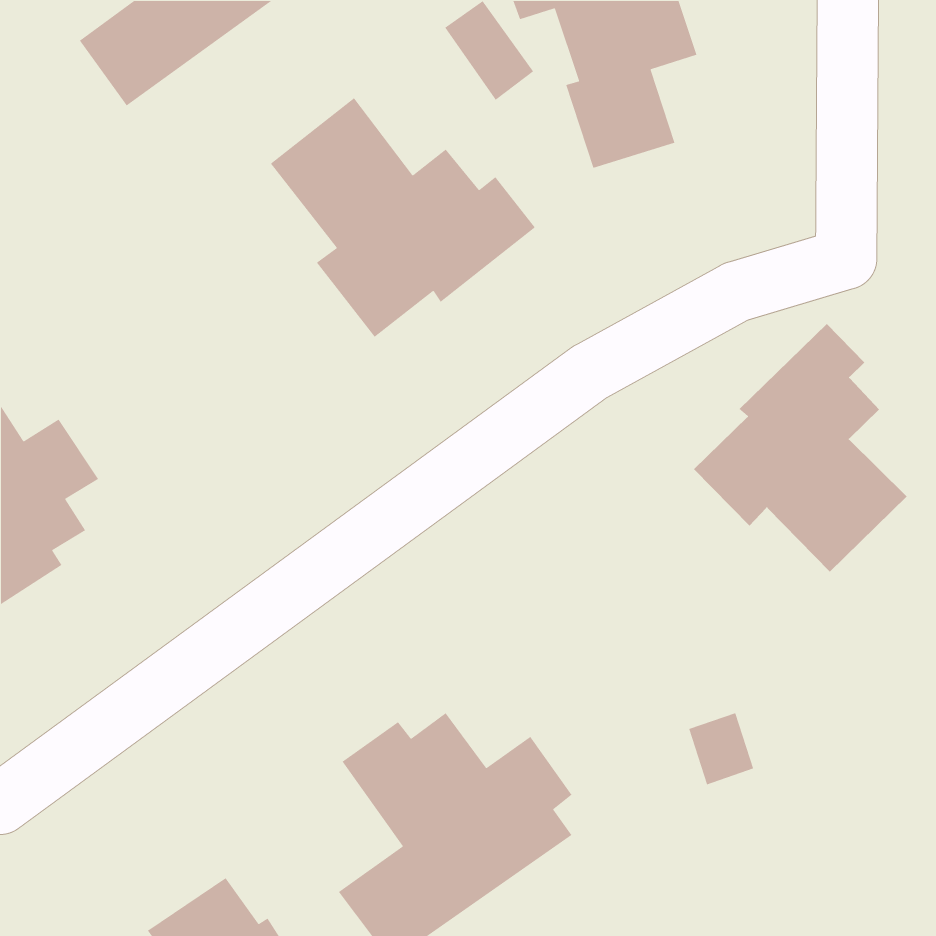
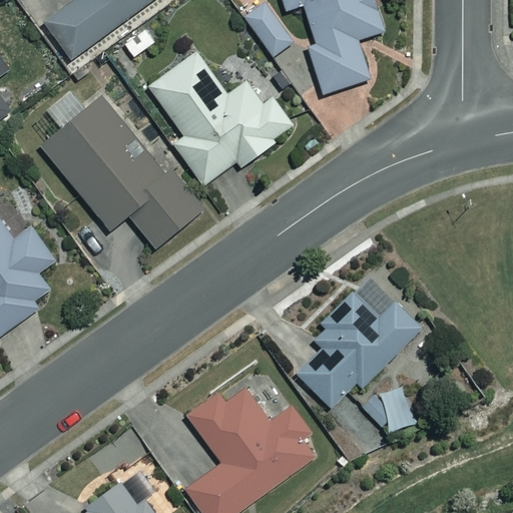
building: none -> [41,91,199,249]
building: [693,323,907,572] -> none
building: none -> [297,276,421,408]

